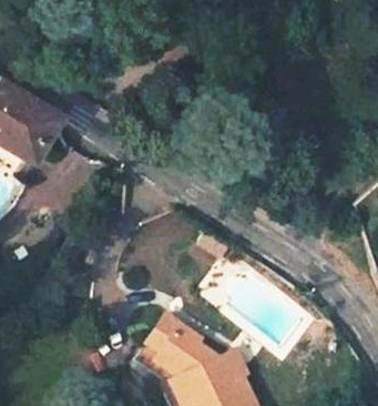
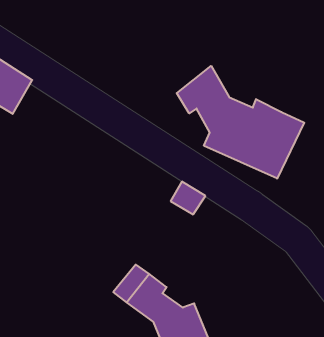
building: none -> [177,66,304,179]

